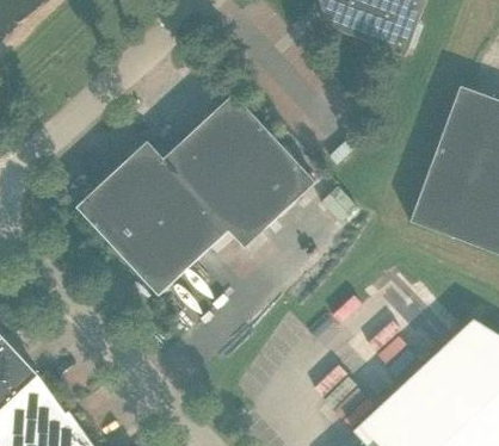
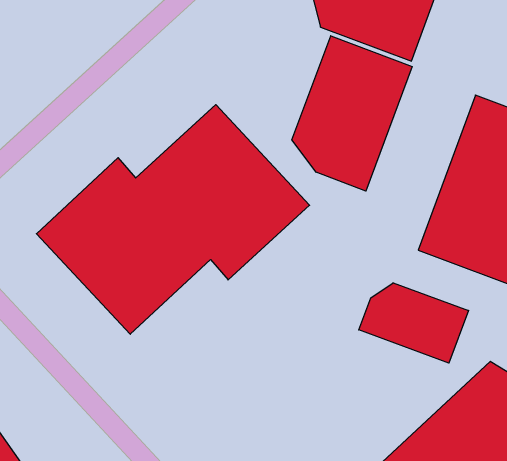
building: none -> [292,36,412,191]
building: none -> [359,283,469,363]

